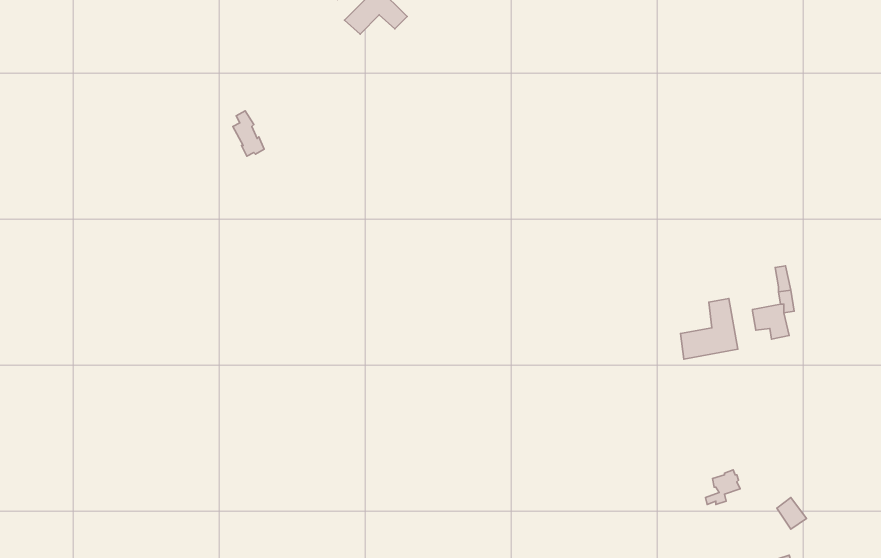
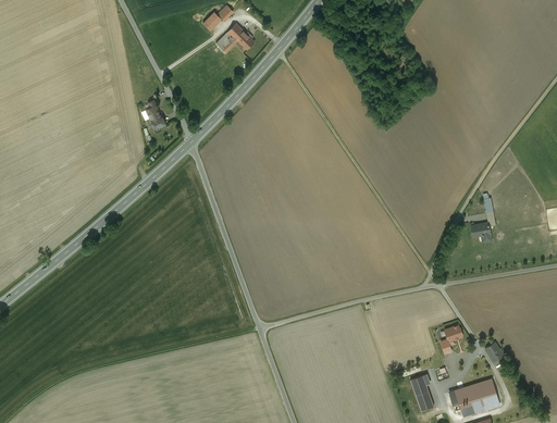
building: [681,298,738,359] -> none

